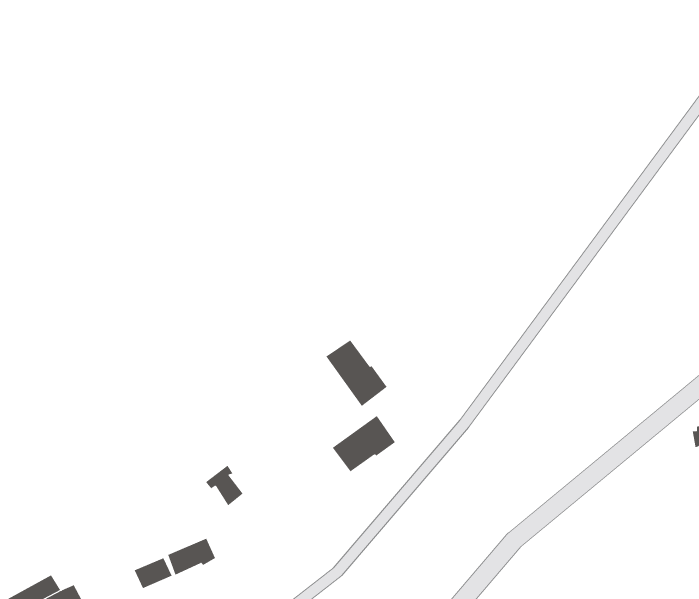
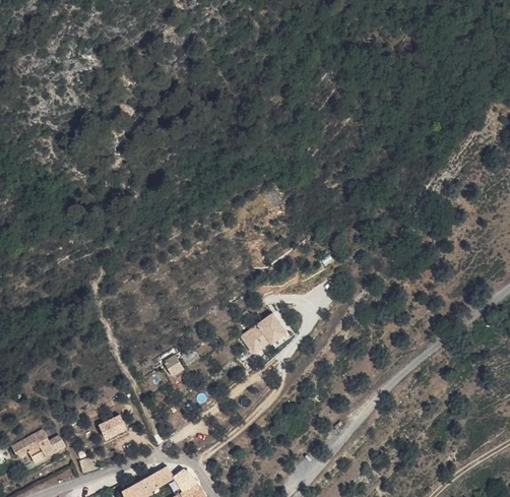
building: [325,339,388,407] -> none
building: [167,538,216,575] -> none

